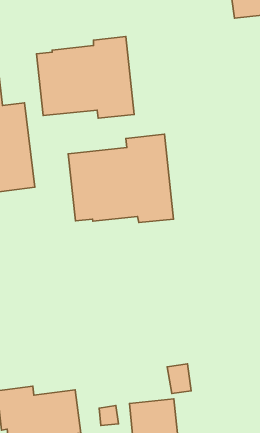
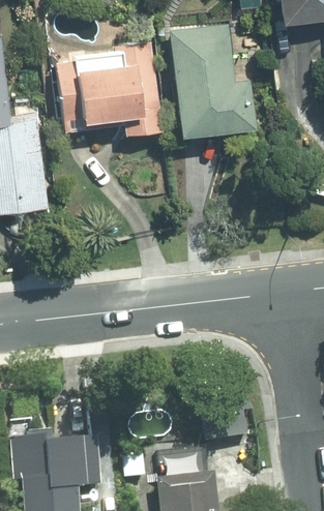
building: none -> [167,24,255,137]
building: [68,134,174,223] -> none

